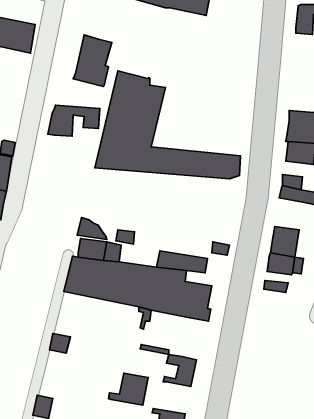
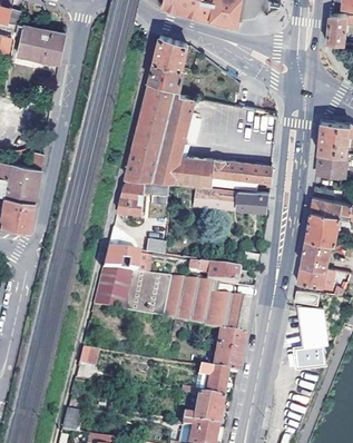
building: [73,35,112,87] -> [148,36,187,88]
building: [48,105,100,136] -> [117,180,169,211]
building: none -> [194,186,269,209]
building: none -> [306,208,340,240]
building: none -> [296,304,325,365]
building: none -> [213,329,245,374]
building: [108,373,148,405] -> [182,394,222,426]

